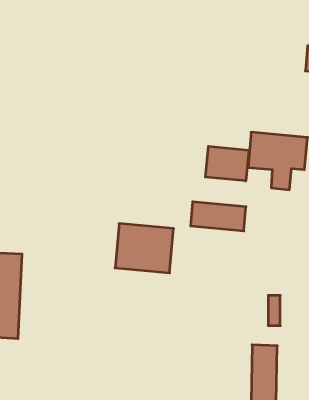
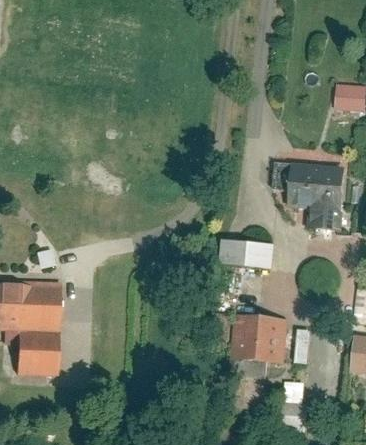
building: [205,146,249,181] -> none
building: [115,224,174,273] -> [233,314,291,363]

